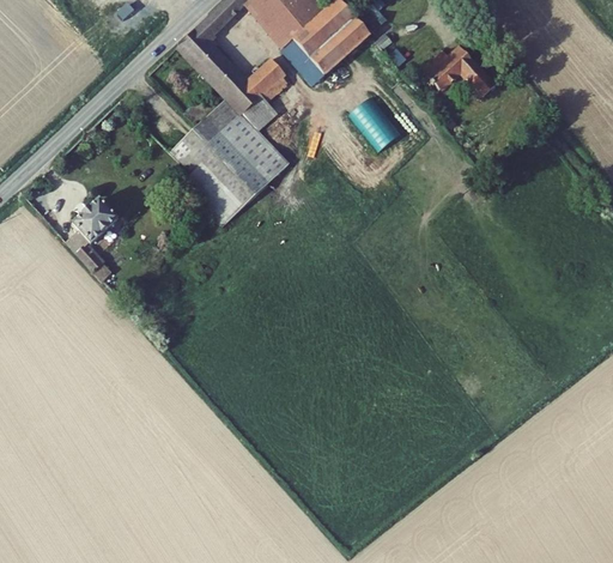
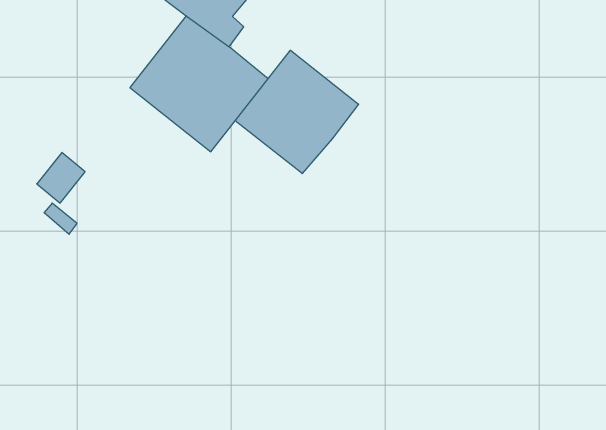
building: none -> [235,50,359,174]

